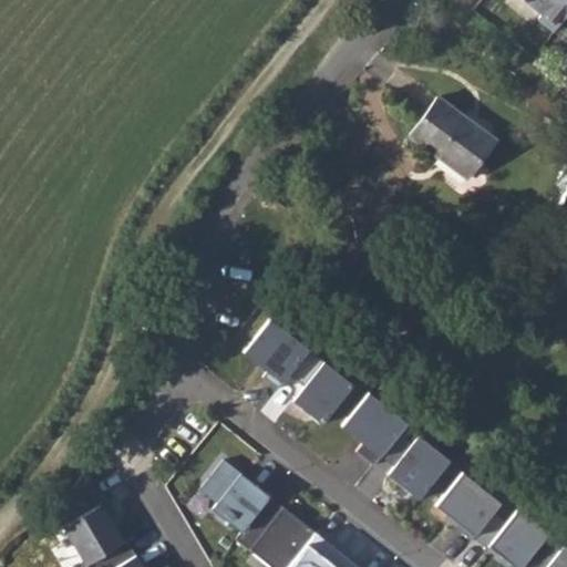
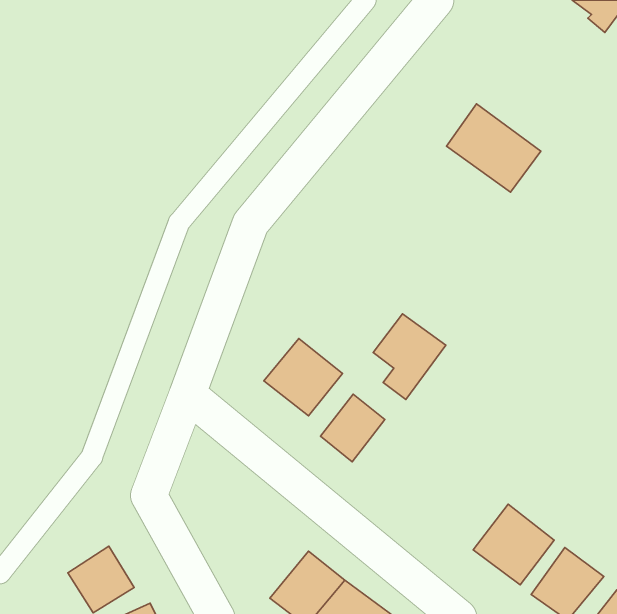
building: [343,391,410,470] -> [373,314,446,400]
building: [386,434,455,504] -> none
building: [193,460,268,533] -> none

